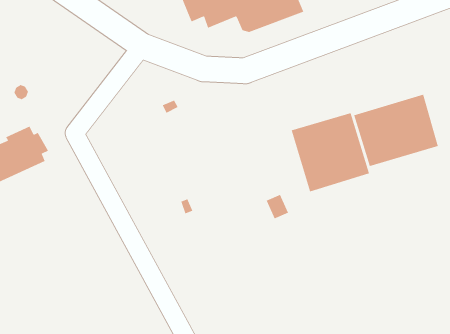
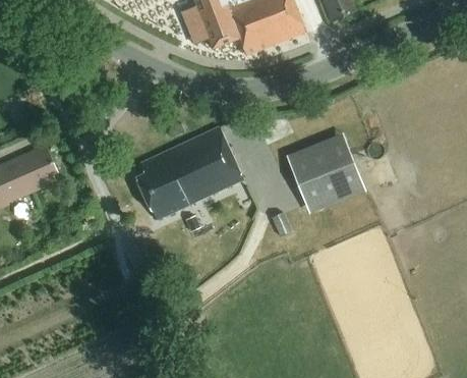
building: [353,94,439,167] -> none
building: none -> [135,127,240,219]

